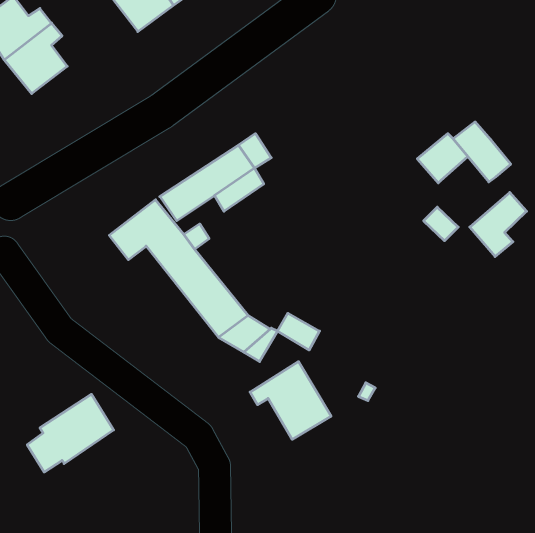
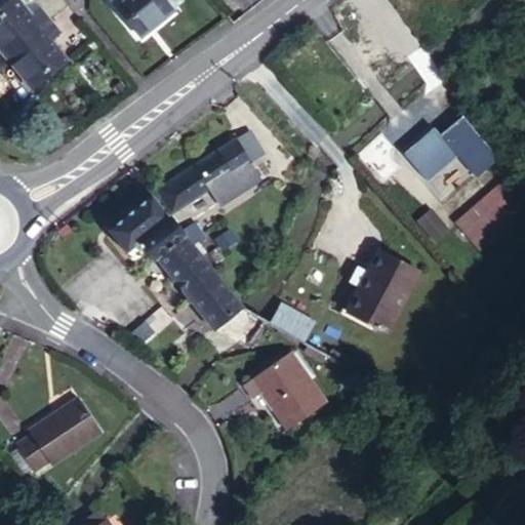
building: none -> [349,252,419,332]

